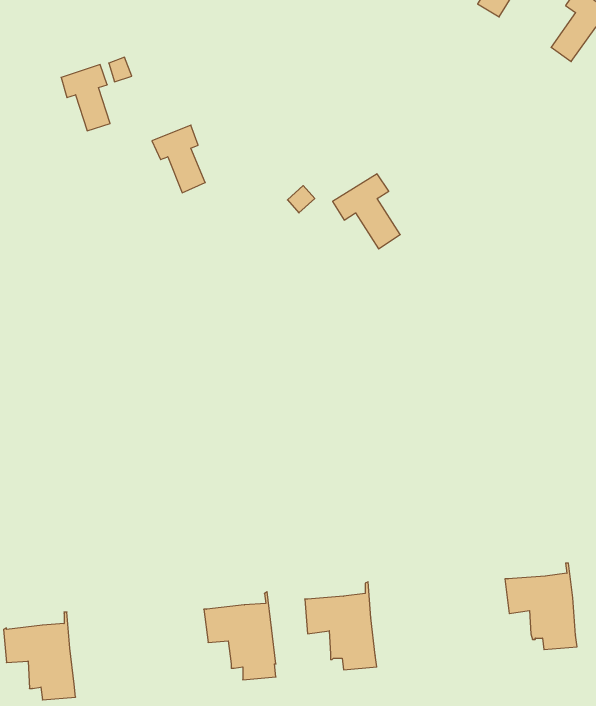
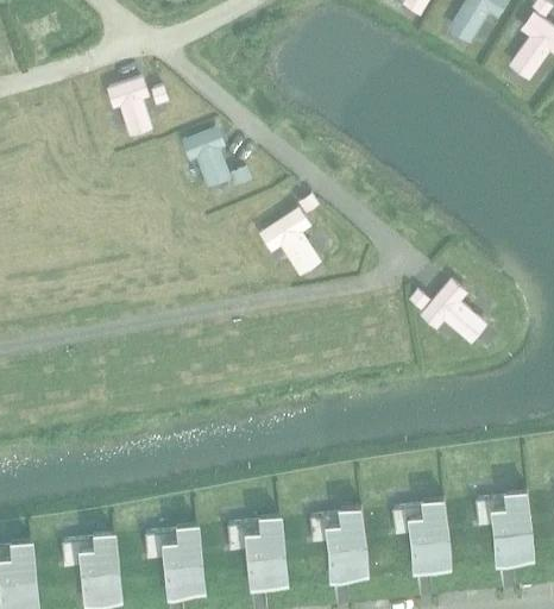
building: [333,174,400,249] -> [260,209,316,271]
building: none -> [423,281,484,339]
building: none -> [392,496,451,569]
building: none -> [144,521,203,594]

